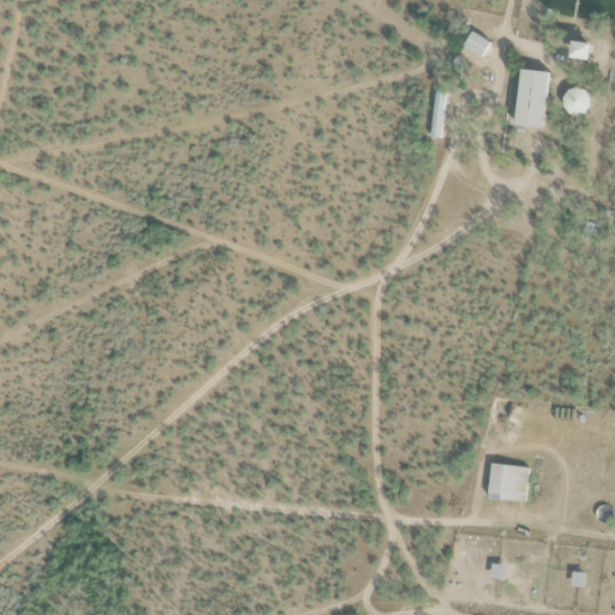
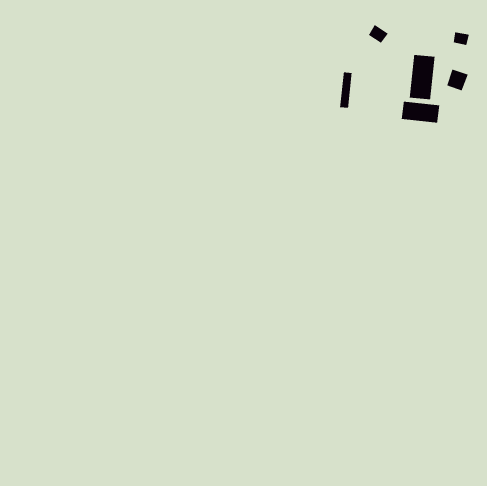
building: none -> [401,101,440,123]
building: [488,462,530,501] -> none

